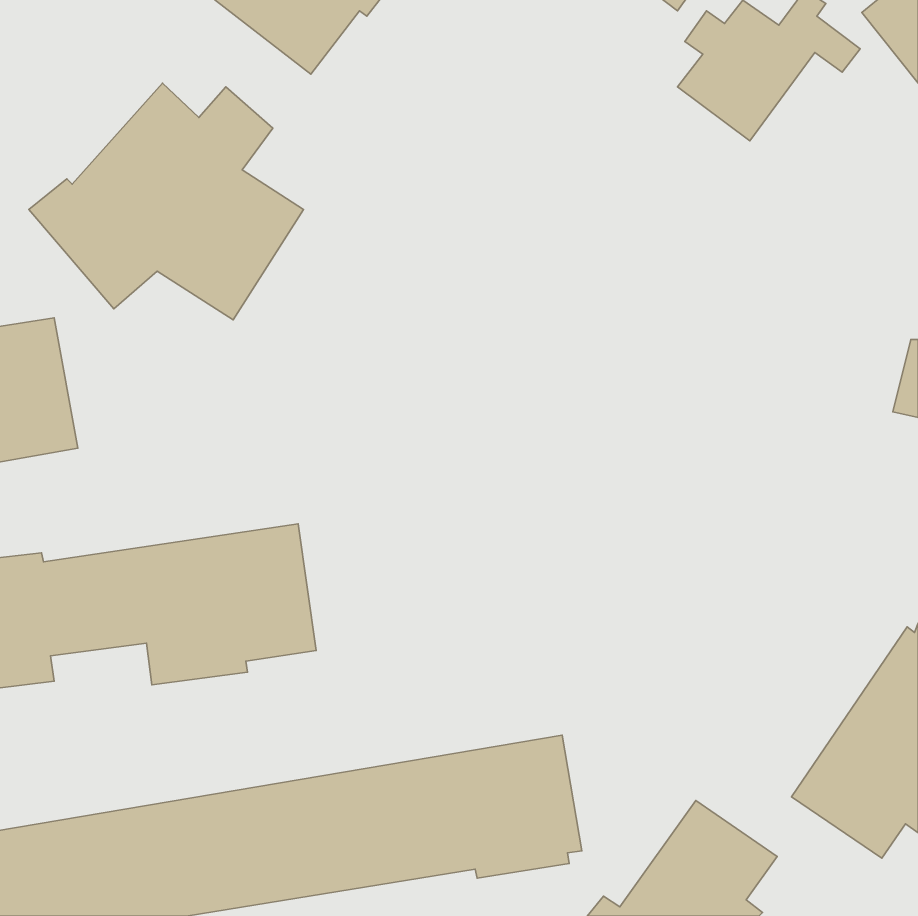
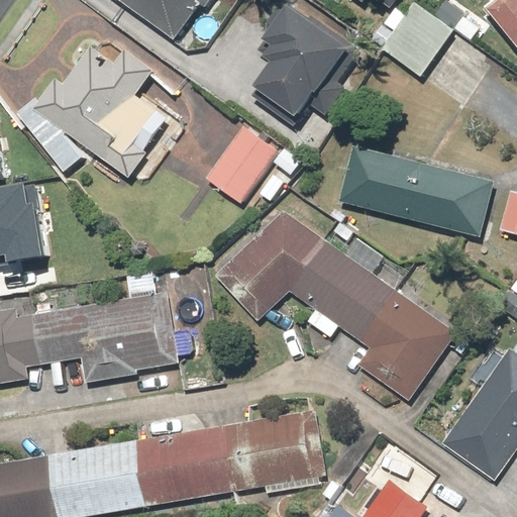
building: none -> [252,4,352,123]
building: none -> [205,125,278,204]
building: none -> [337,145,498,239]
building: none -> [215,209,457,403]

